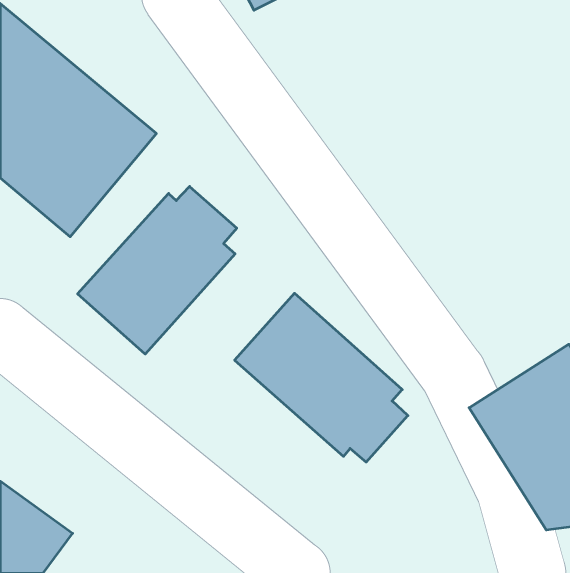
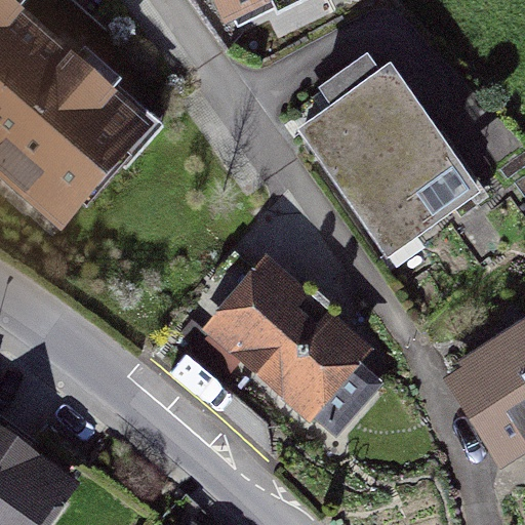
building: none -> [294,70,468,253]
building: [78,186,237,354] -> none

